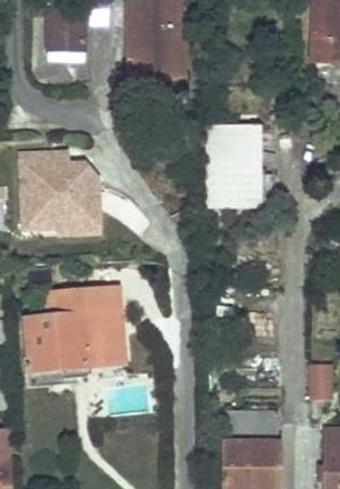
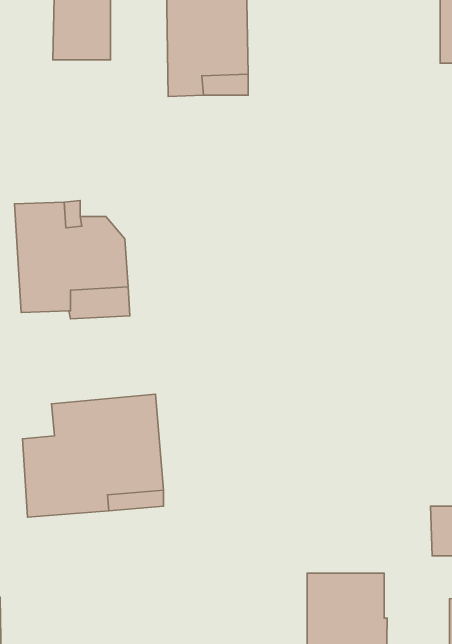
building: [203,123,260,208] -> none

